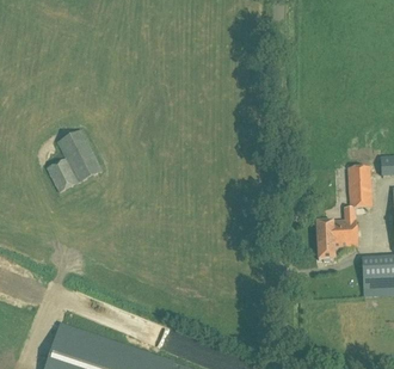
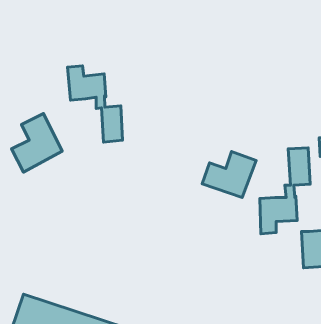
building: none -> [68,66,123,142]
building: none -> [202,152,256,198]

